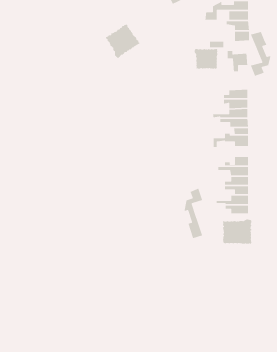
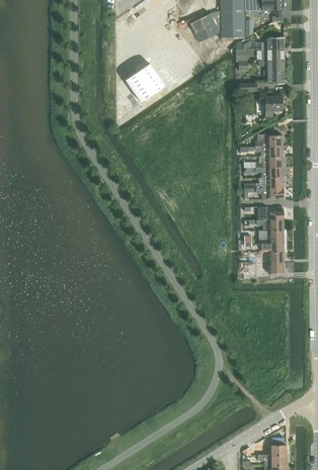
building: [250,31,272,77] -> none
building: [194,48,219,70] -> none
building: [184,187,203,239] -> none
building: [222,219,252,245] -> none

